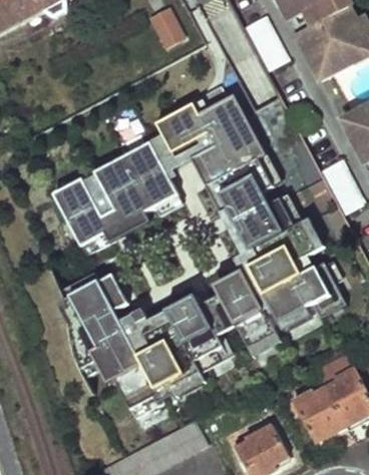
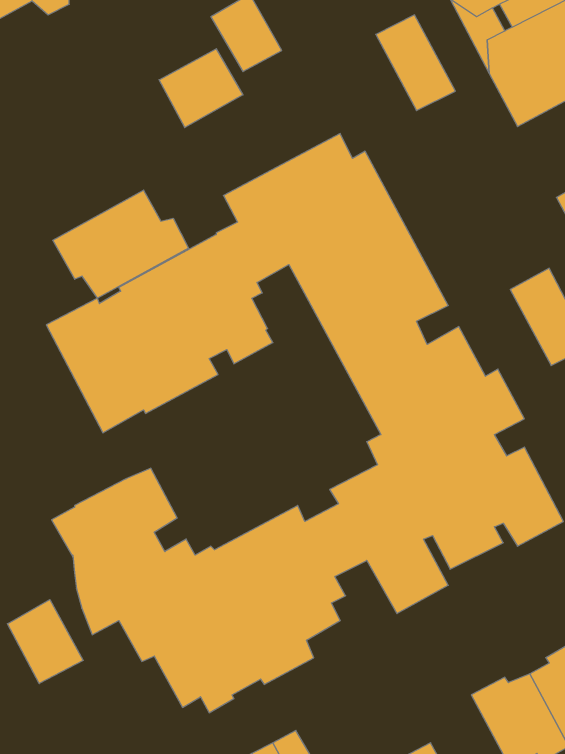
building: none -> [159,49,243,128]
building: none -> [53,190,188,298]
building: none -> [7,600,83,684]

